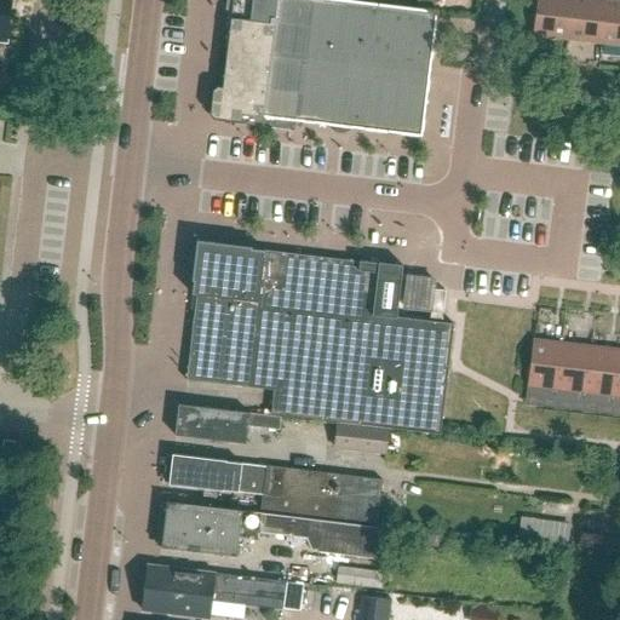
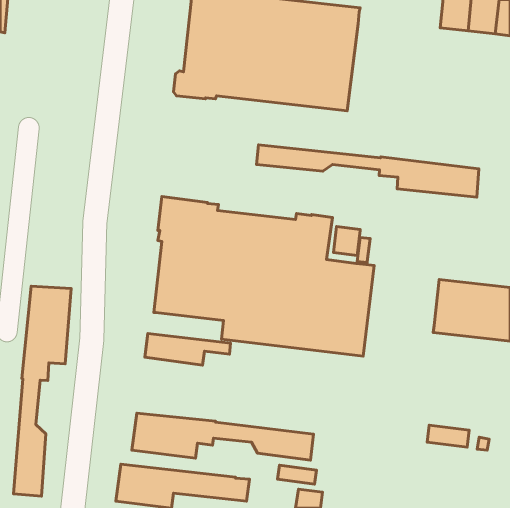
building: none -> [257,145,479,197]
building: none -> [13,286,71,496]
building: [333,423,389,453] -> none
building: [170,453,383,522] -> none

